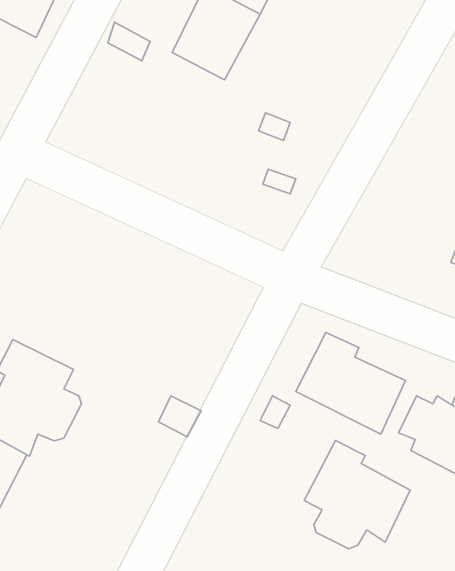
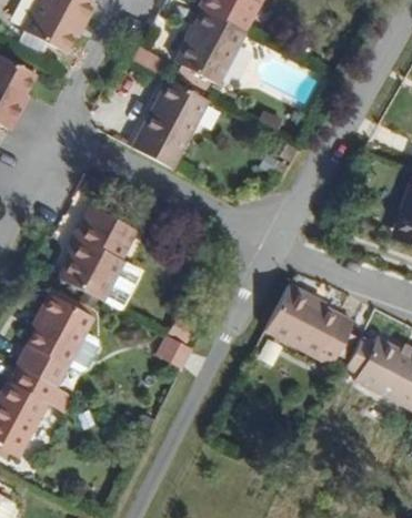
building: none -> [135,80,208,170]
building: none -> [58,207,133,301]
building: [304,441,410,549] -> none

